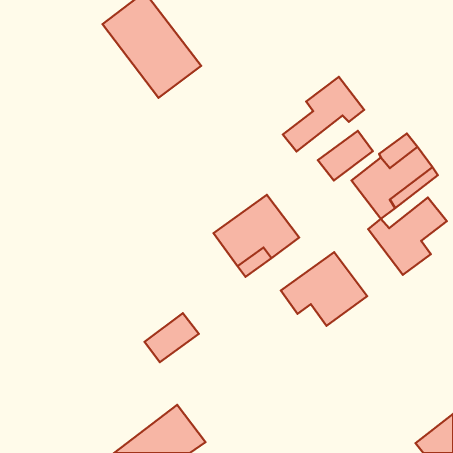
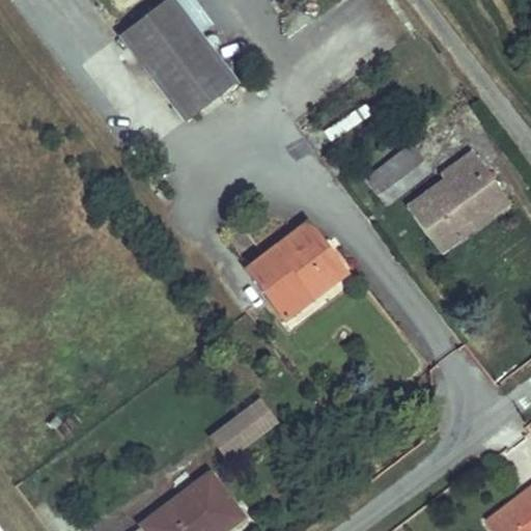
building: [283,77,364,151] -> none
building: [368,197,447,275] -> none
building: [281,252,367,326] -> none
building: [145,313,199,362] -> [209,399,273,456]

